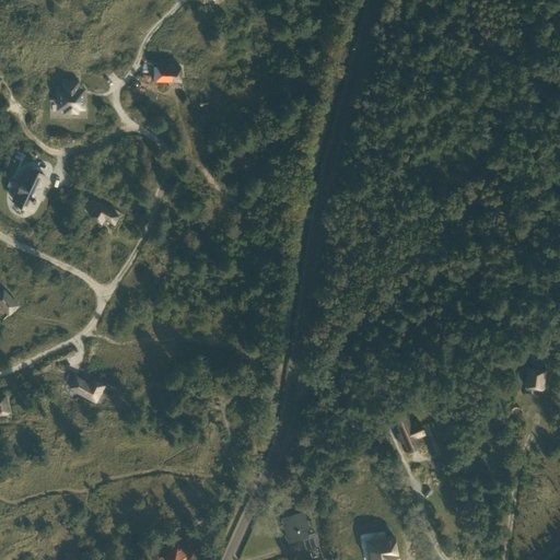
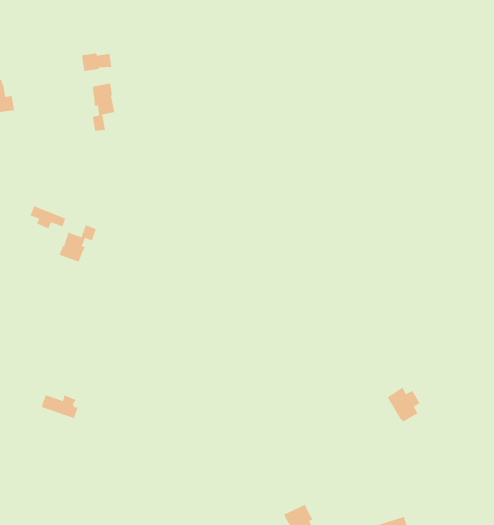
building: none -> [92,83,115,132]
building: none -> [59,224,96,262]

